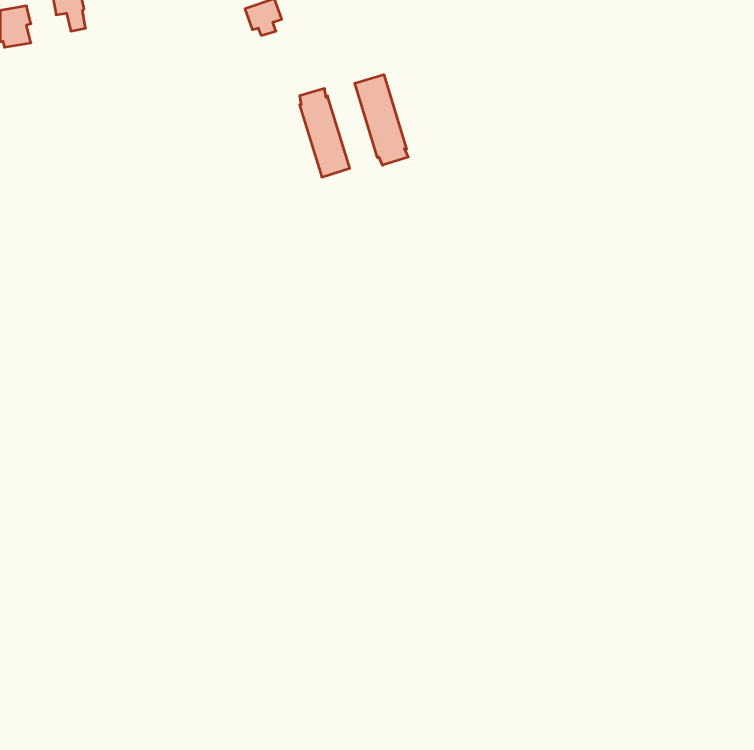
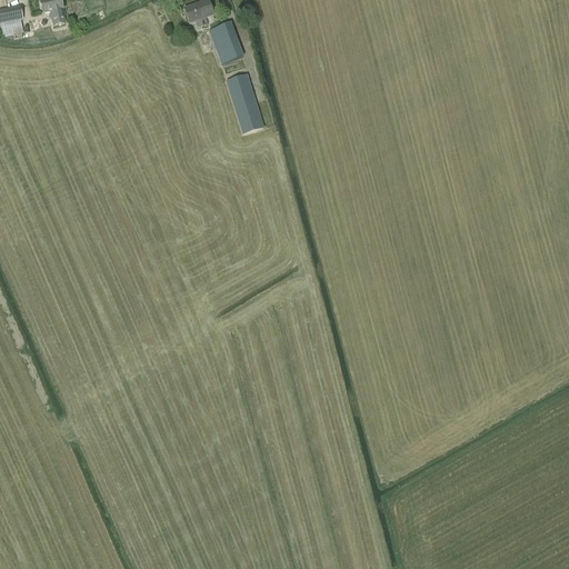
building: none -> [208,20,243,63]
building: [355,75,408,165] -> none

